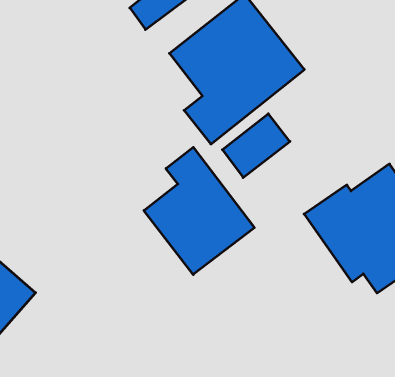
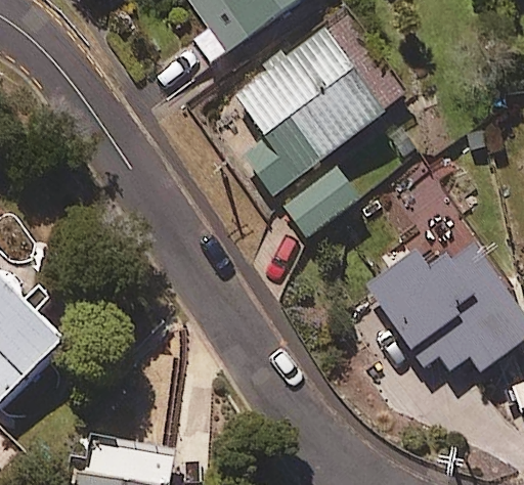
building: [144,147,254,275] -> none

